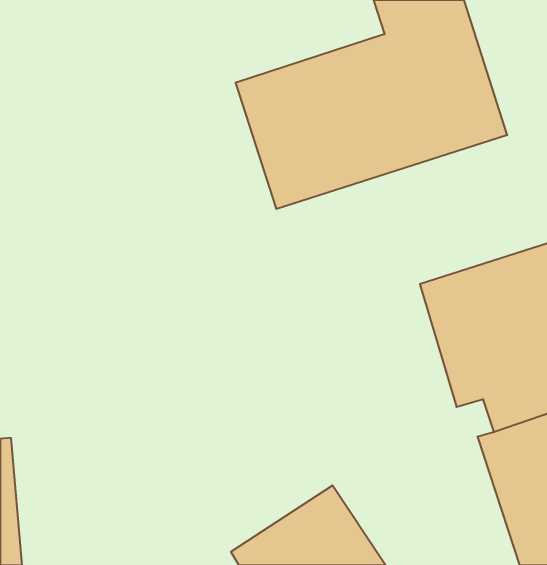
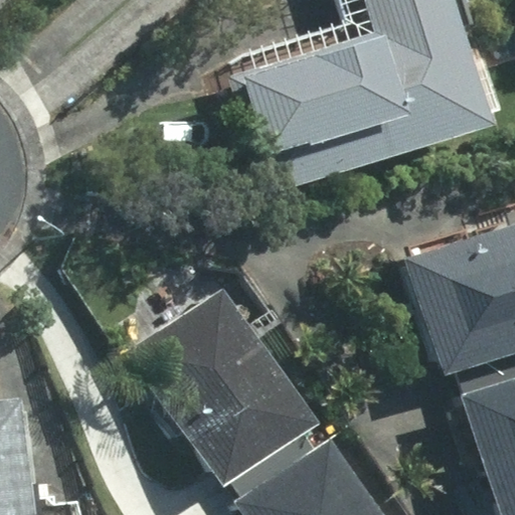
building: none -> [131,293,307,481]

